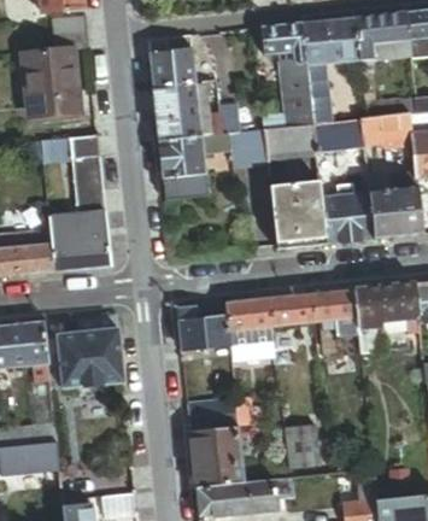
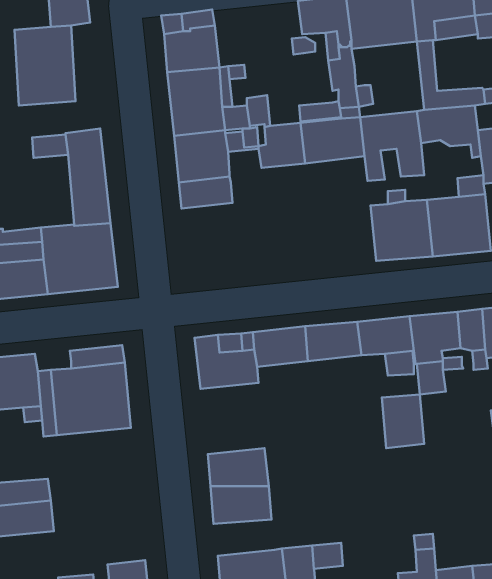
building: [271,178,327,247] -> none
building: [228,326,274,361] -> none
building: [286,425,321,469] -> [382,394,424,448]
building: [192,457,242,487] -> none

